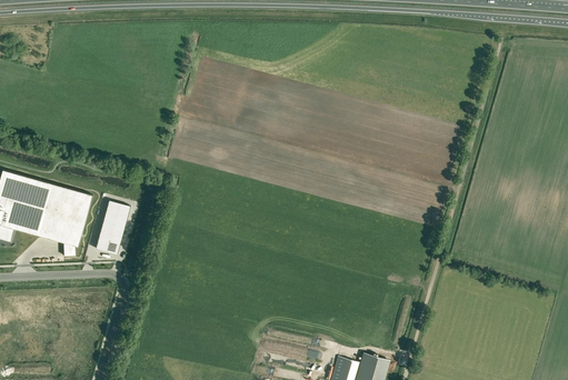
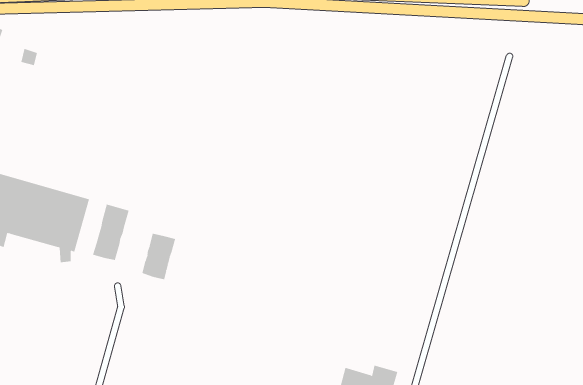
building: none -> [142,233,176,280]

